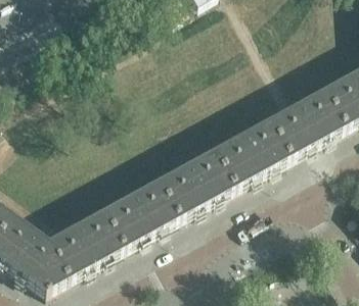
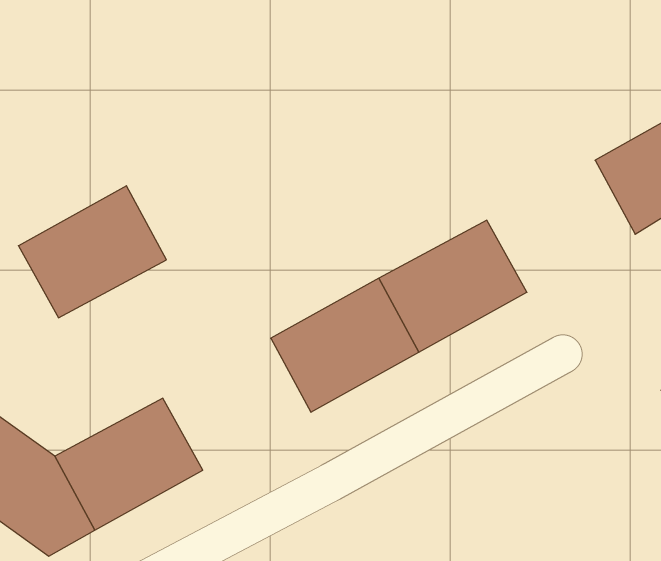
building: [267,88,343,155] -> none
building: [101,178,177,246] -> [18,186,166,318]

